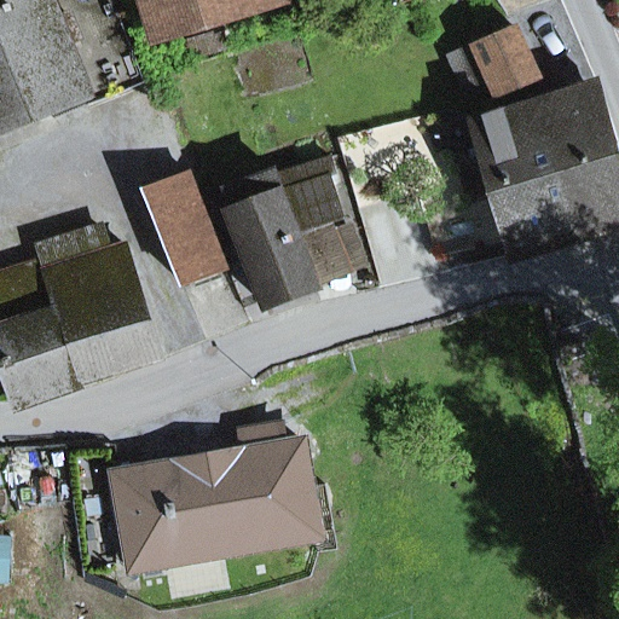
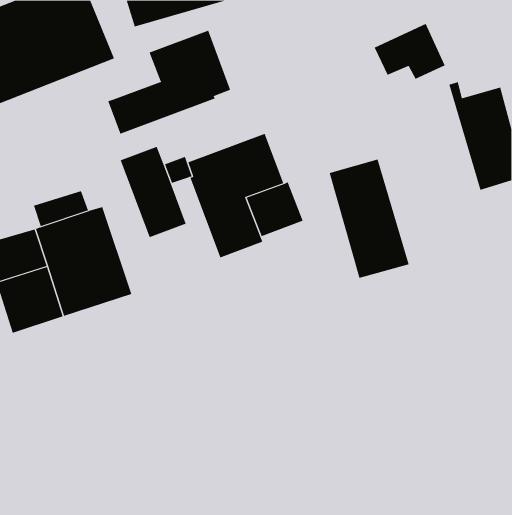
building: none -> [108,30,231,135]
building: [479,102,575,245] -> [329,159,409,279]
building: [115,427,318,569] -> none

